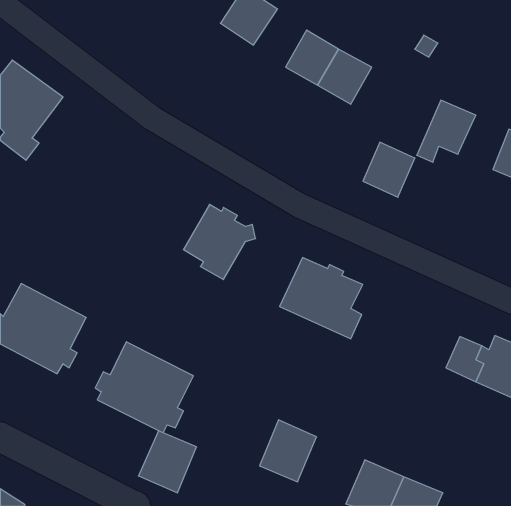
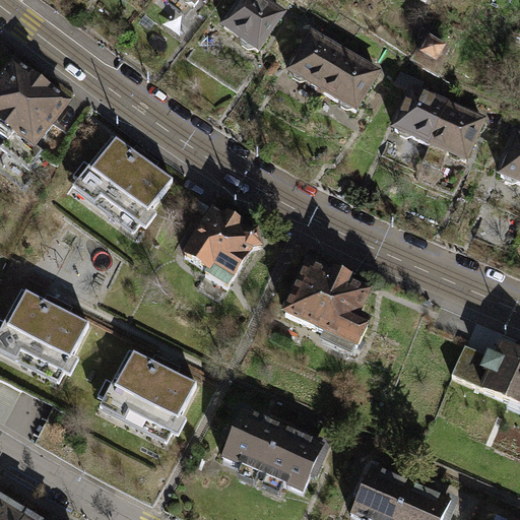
building: none -> [71,134,172,231]
building: [363,142,415,197] -> [395,85,448,141]
building: [138,431,197,493] -> [224,409,283,472]

